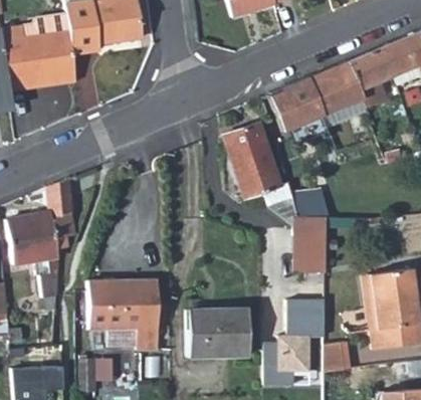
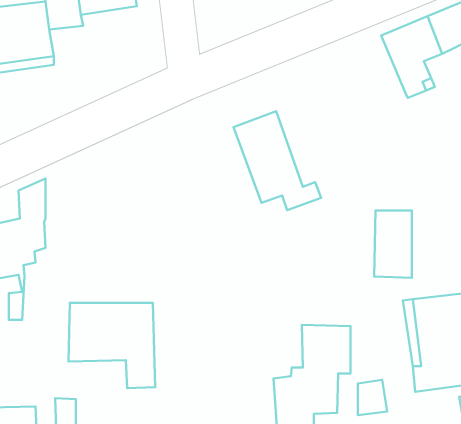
building: [269,61,368,132] -> none
building: [297,216,329,271] -> [374,211,412,278]
building: [181,308,244,359] -> none

